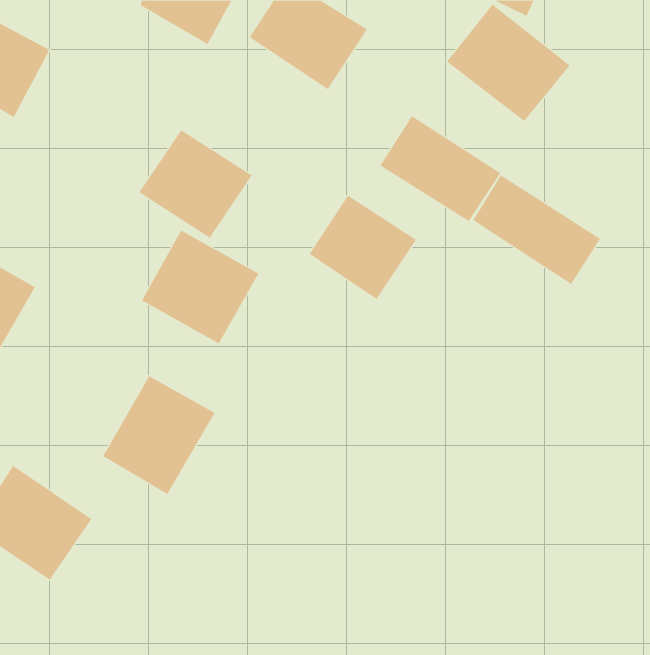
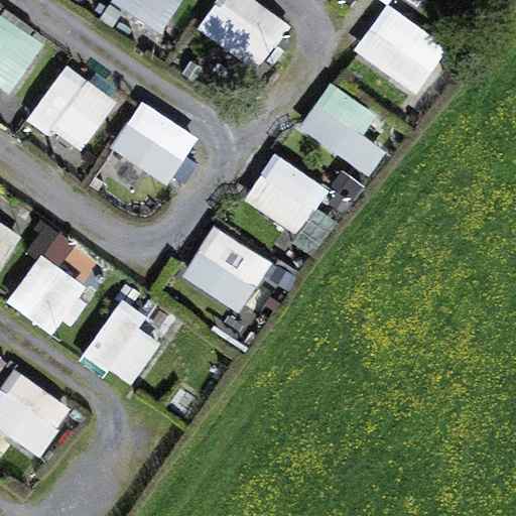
building: none -> [22,66,116,161]
building: [472,175,601,285] -> none
building: [141,230,259,344] -> [180,223,273,312]
building: none -> [5,255,86,337]

